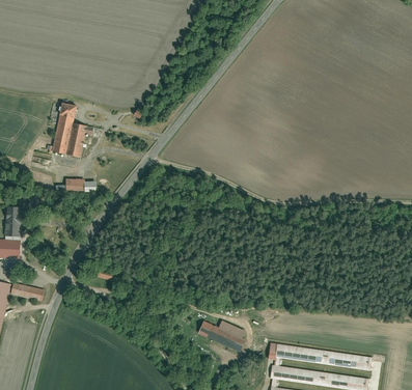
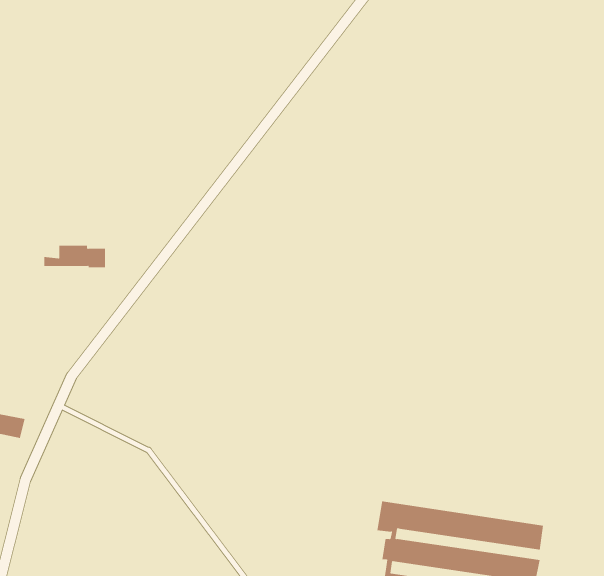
building: [51,105,93,158] -> none
building: [197,322,245,353] -> none

